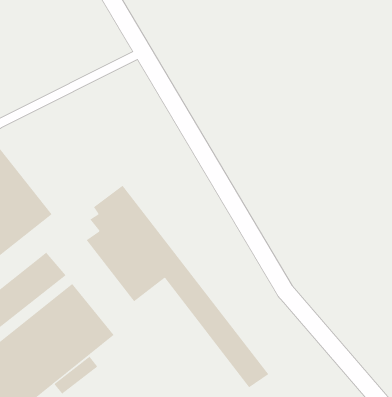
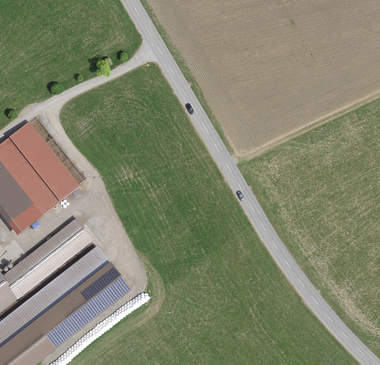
building: [86,185,269,388] -> none

